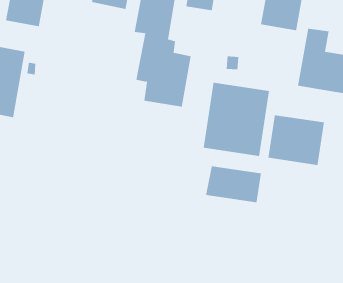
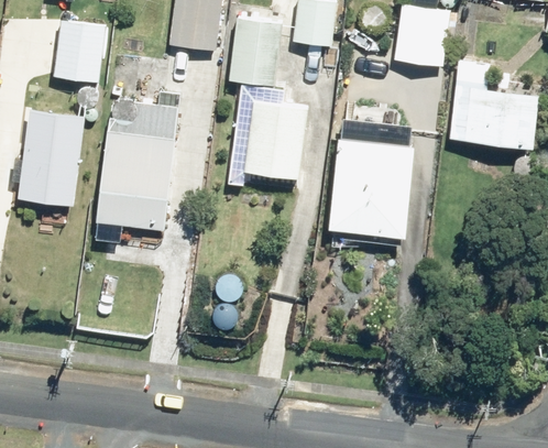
building: none -> [99,89,179,231]
building: [268,114,324,166] -> none
building: [206,165,262,203] -> none

